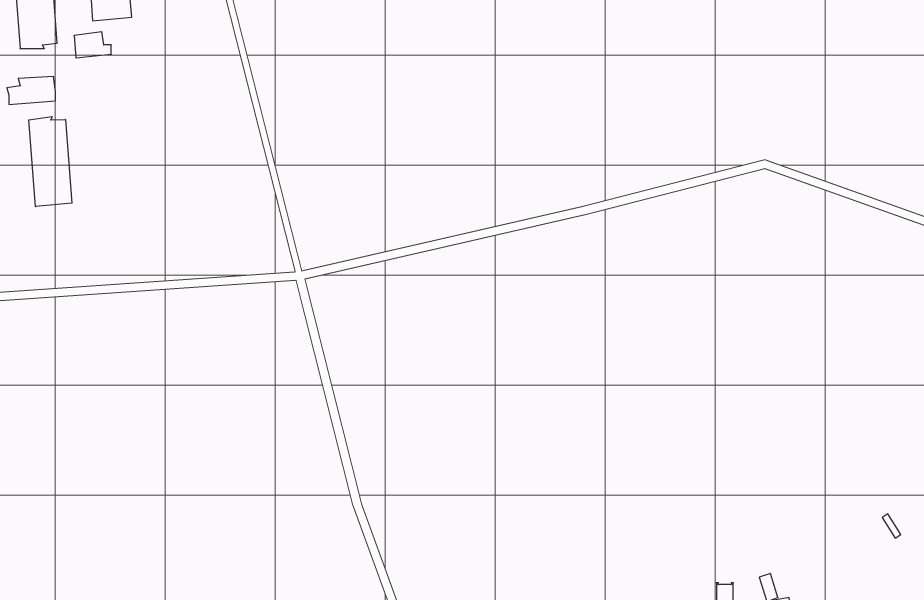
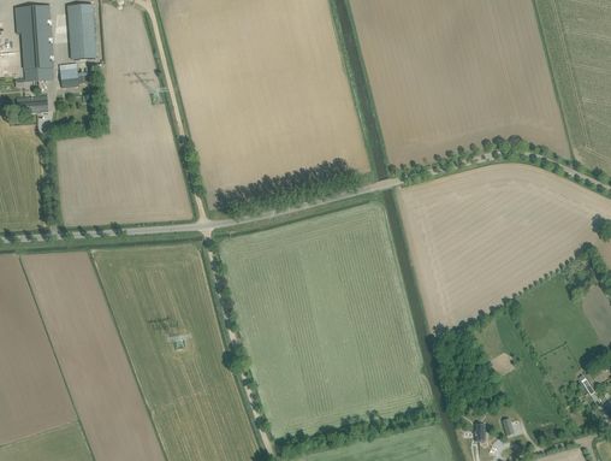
building: [29,117,72,207] -> none

